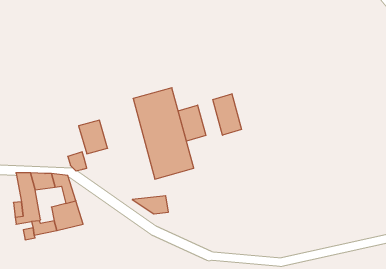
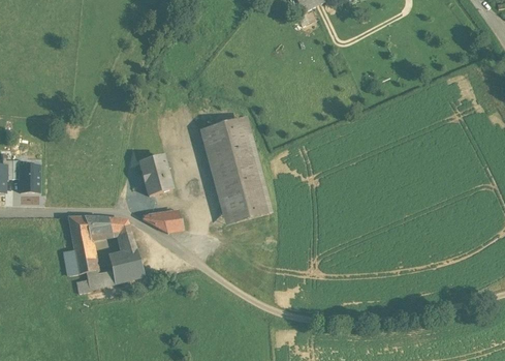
building: [213,94,242,135] -> none
building: [178,105,206,141] -> none
building: [132,196,168,214] -> [140,213,182,234]

